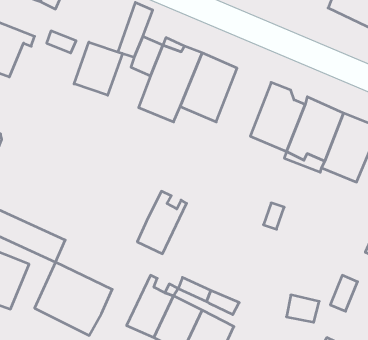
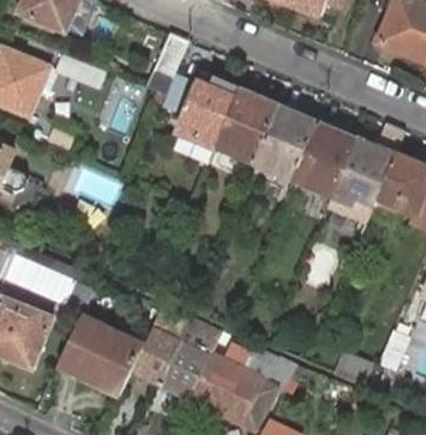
building: [74,42,122,95] -> none
building: none -> [258,103,318,178]
building: [137,191,187,254] -> [132,317,186,386]

